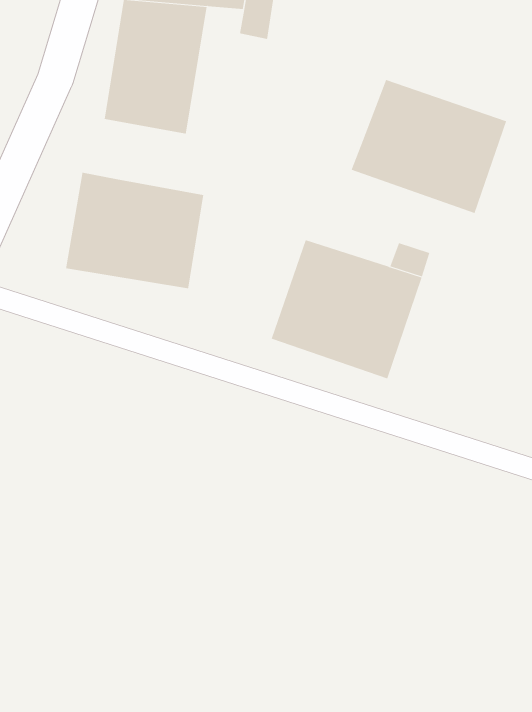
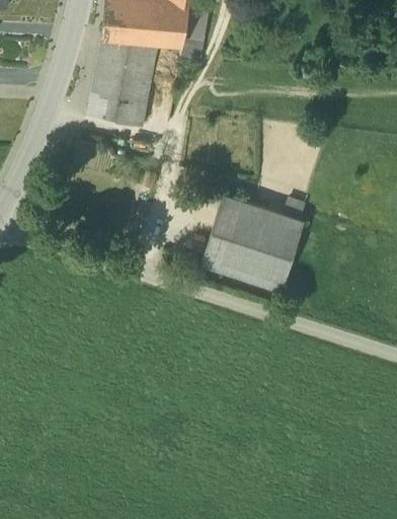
building: [351,79,507,214] -> none
building: [65,172,204,289] -> none

